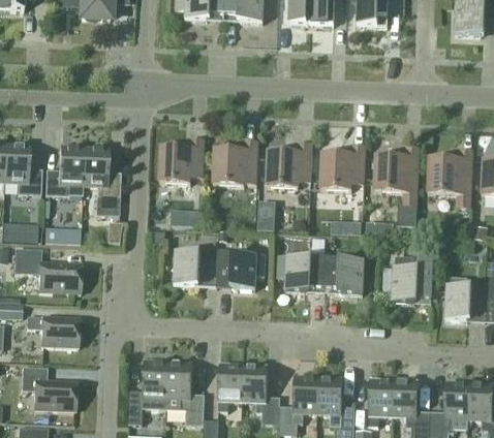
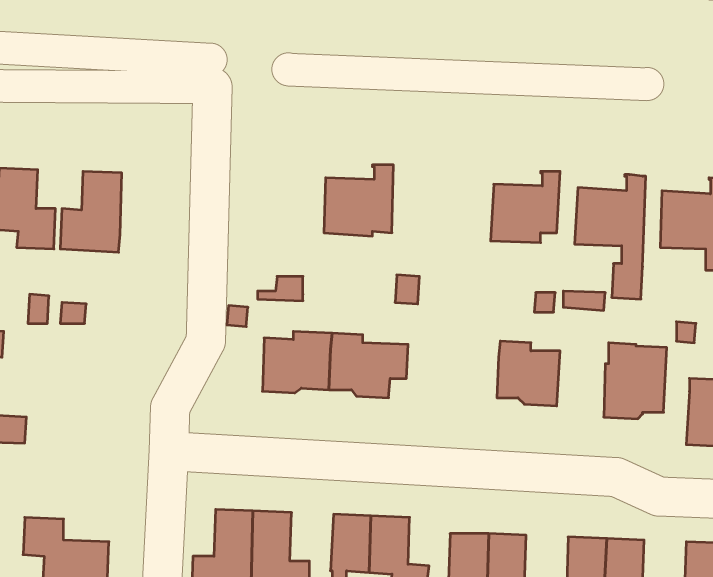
building: [159,137,204,183] -> none
building: [266,143,311,188] -> none
building: [83,146,120,215] -> none
building: [13,248,81,292] -> none
building: [276,252,326,291] -> none
building: [26,315,79,347] -> none

